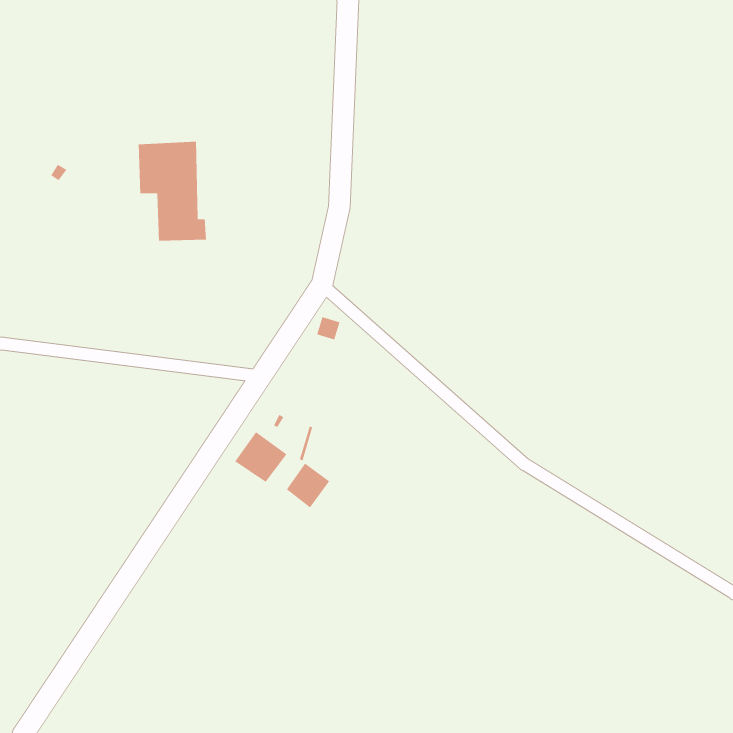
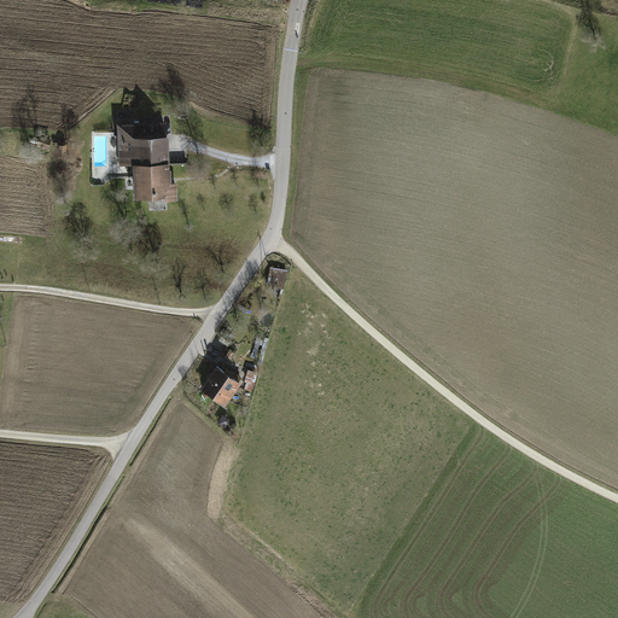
building: [286,463,330,508] -> none

